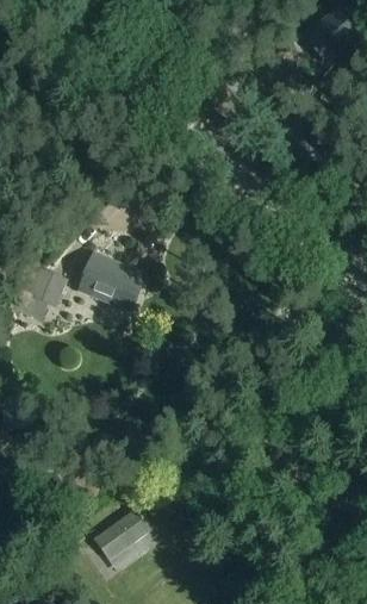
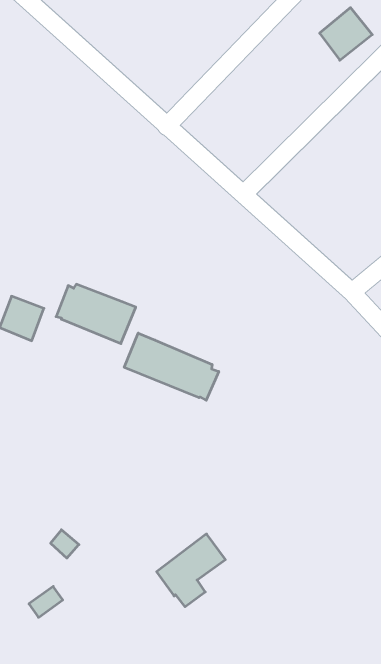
building: none -> [124,333,219,400]
building: [92,506,153,571] -> [157,534,225,607]

